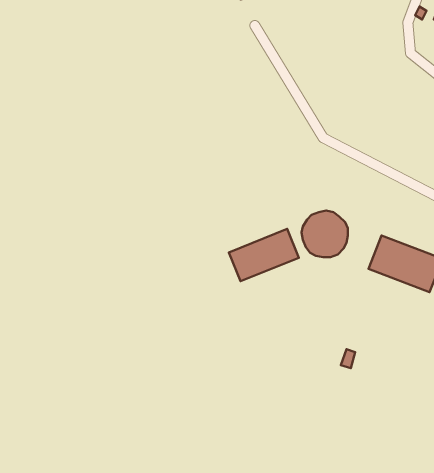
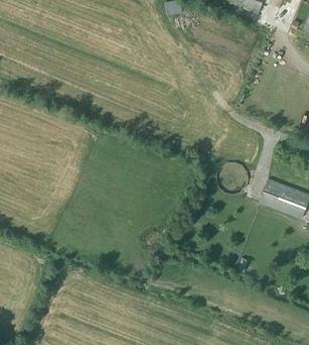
building: [229,229,299,281] -> none

